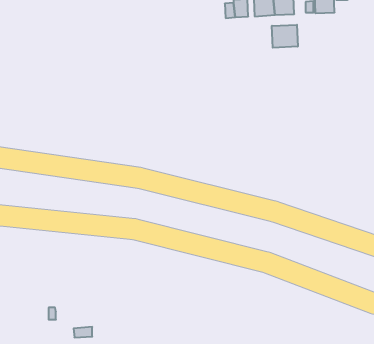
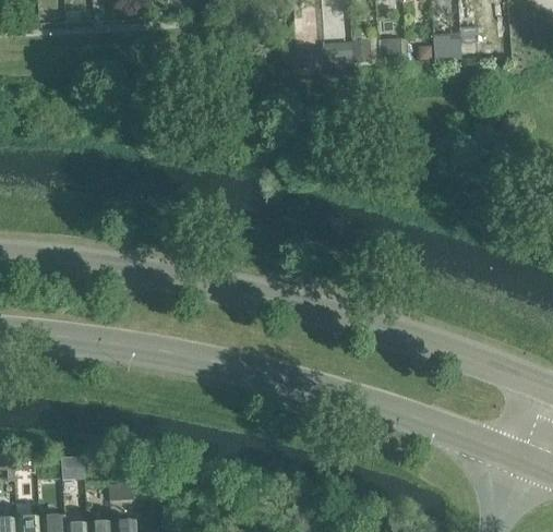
building: [272,25,298,48] -> none

